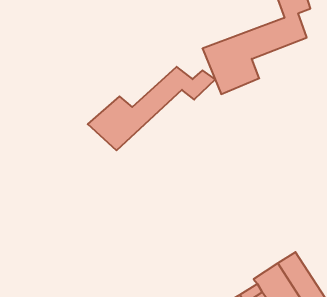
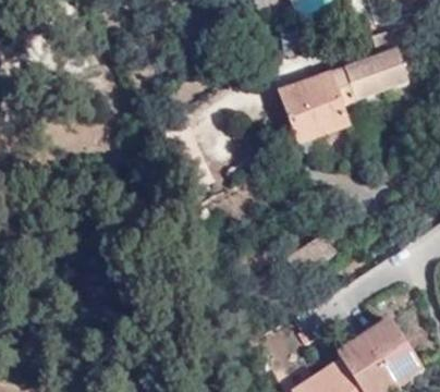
building: [88,67,215,150] -> none

